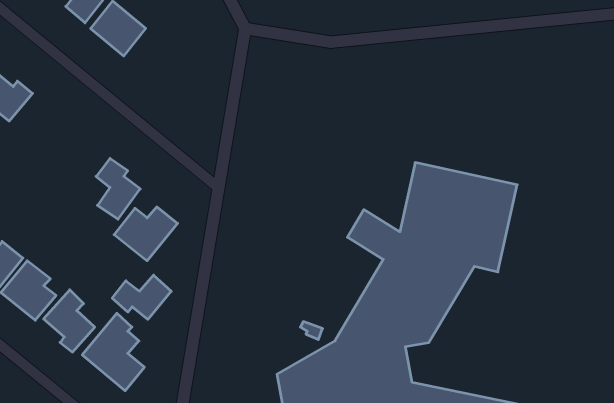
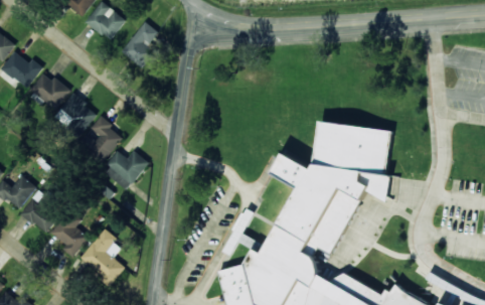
building: none -> [120,22,157,68]
building: none -> [29,73,68,110]
building: none -> [56,95,96,134]
building: [112,275,171,319] -> none

